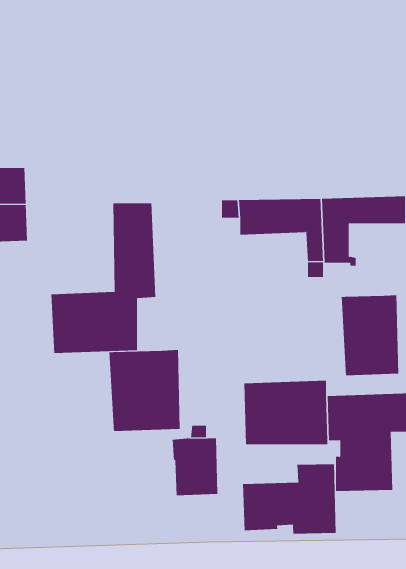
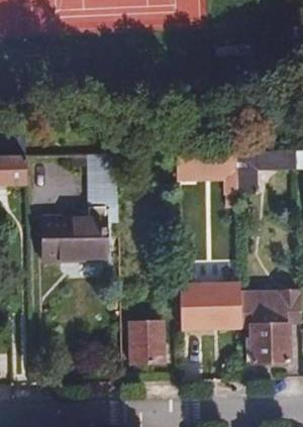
building: [341,294,399,376] -> none
building: [109,349,180,432] -> none
building: [243,464,336,535] -> none

